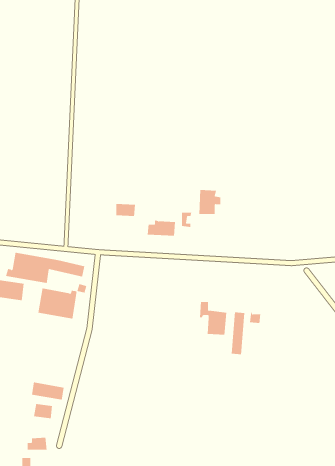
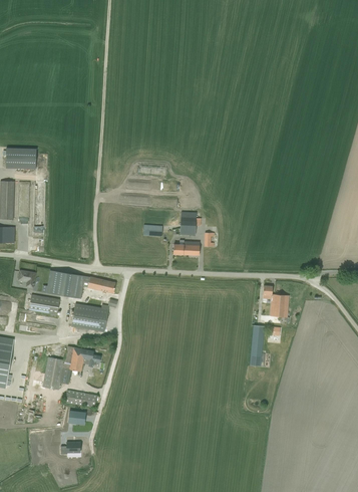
building: [198,190,221,214] -> [180,211,201,234]
building: [199,302,227,335] -> [263,285,289,316]
building: none -> [42,345,100,390]

